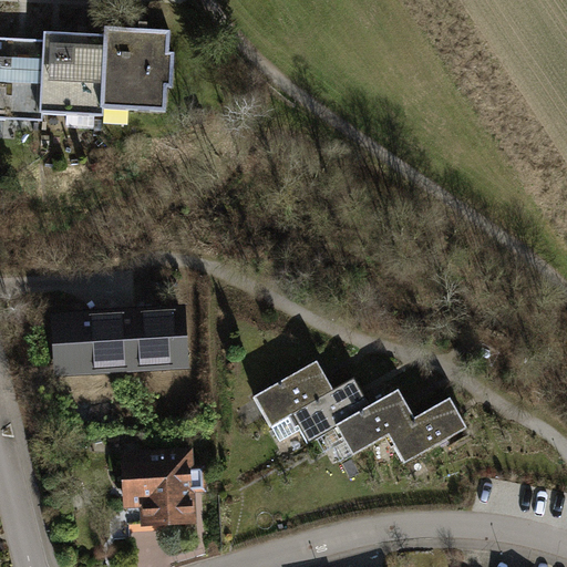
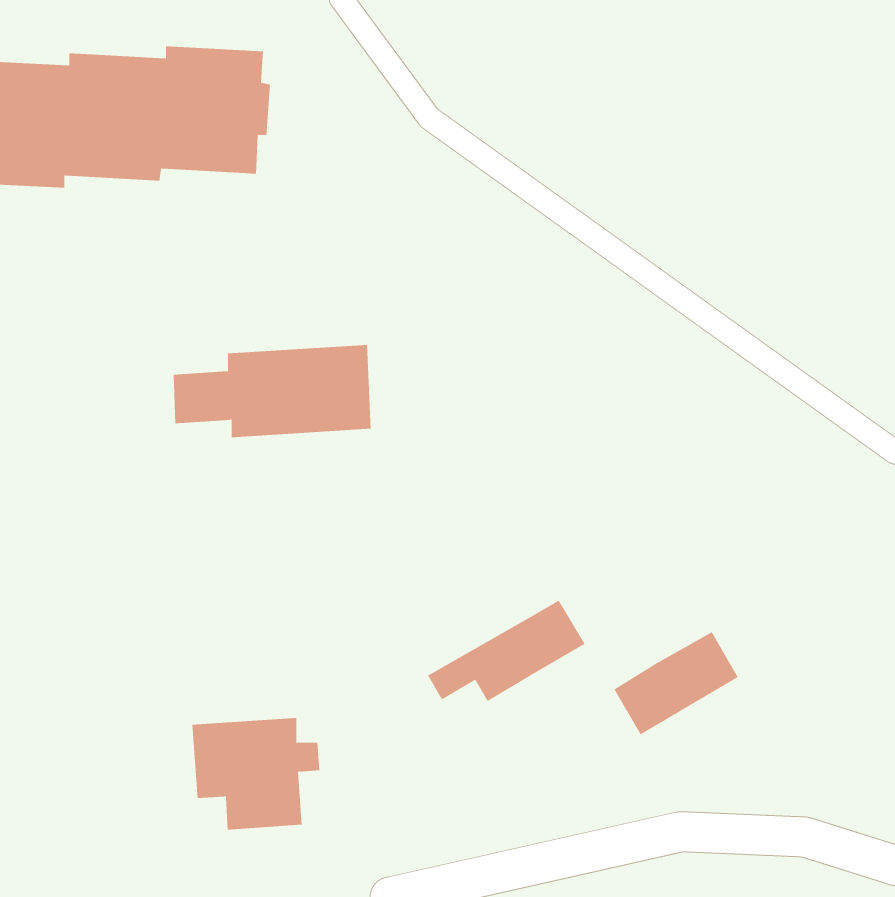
building: [55,309,181,368] -> [173,345,371,438]
building: [252,360,331,425] -> none
building: [334,390,413,454] -> none

